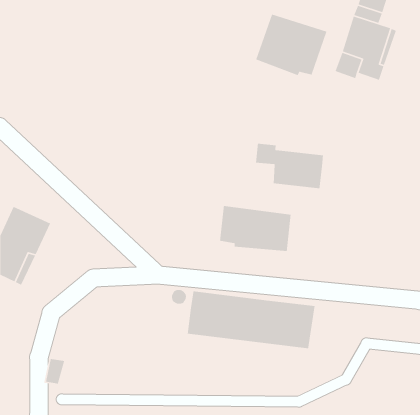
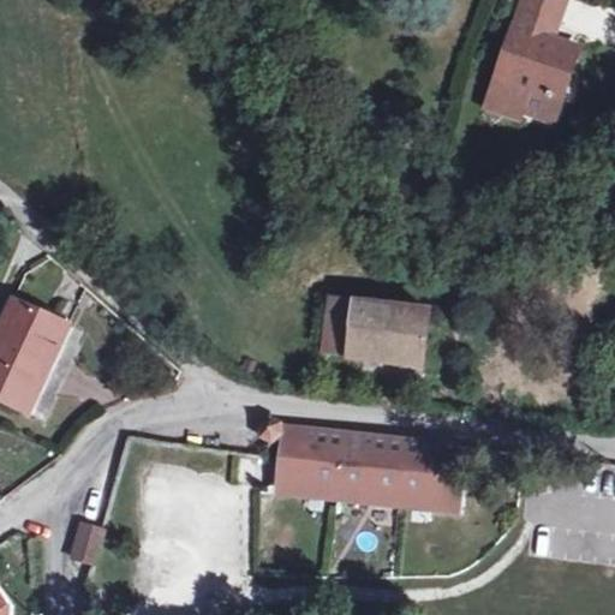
building: [255,13,328,76] -> none
building: [255,143,324,189] -> none

